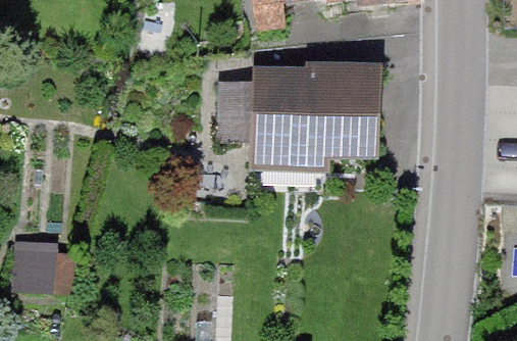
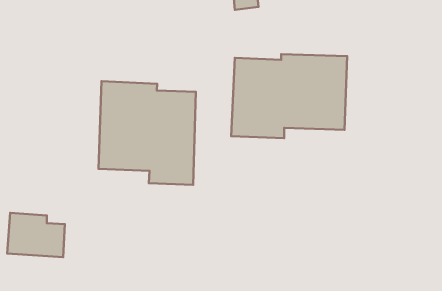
building: none -> [99,81,196,185]

